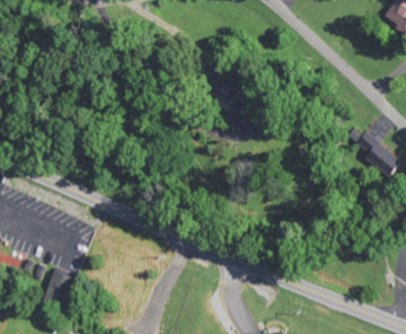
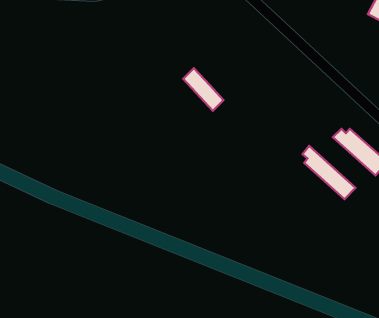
building: none -> [302,146,356,199]

